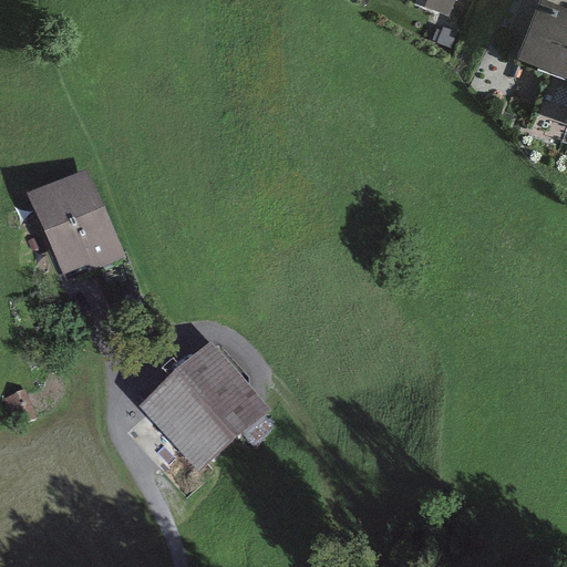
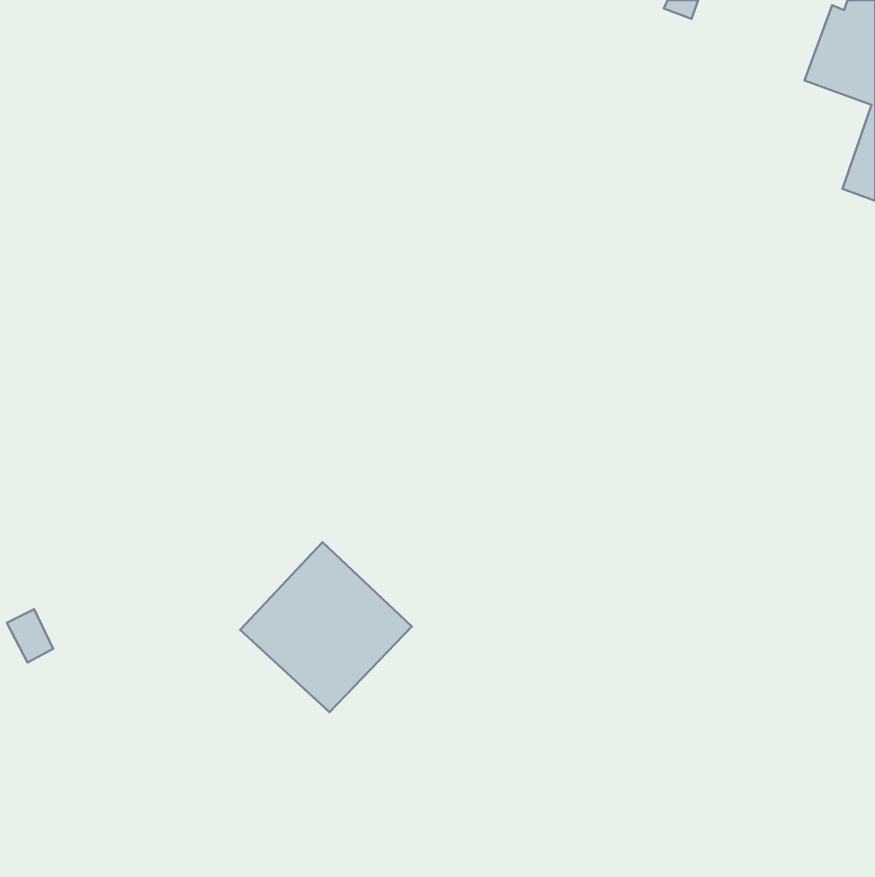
building: [35,181,117,267] -> none

